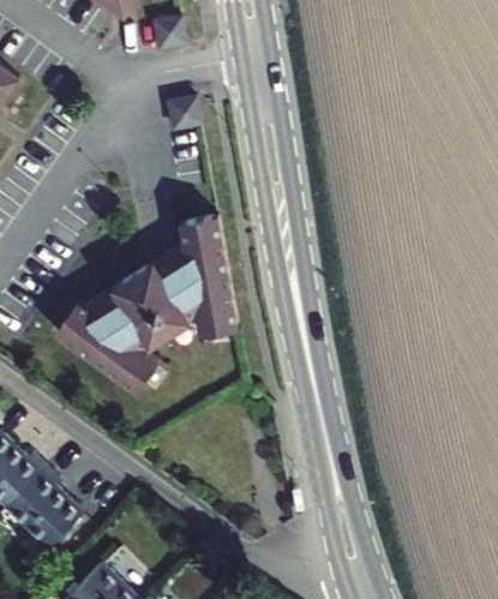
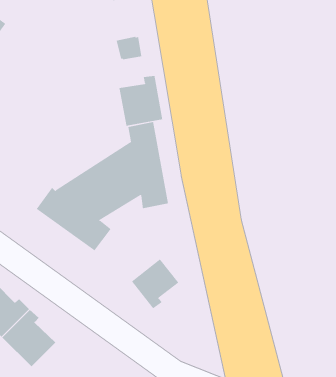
building: none -> [119,75,163,127]
building: none -> [131,258,179,309]

